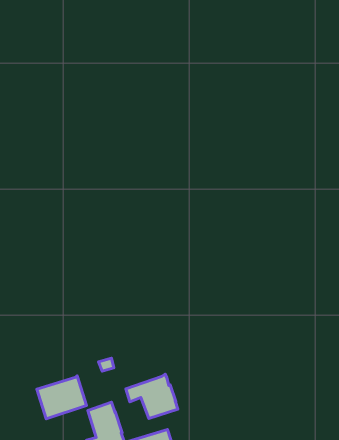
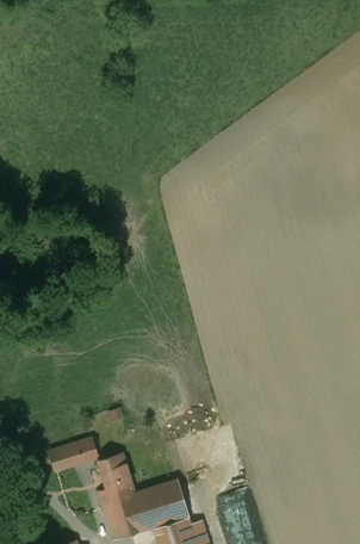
building: [126,374,178,419] -> none

